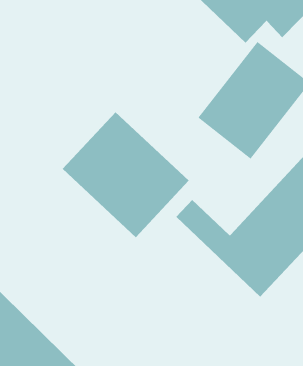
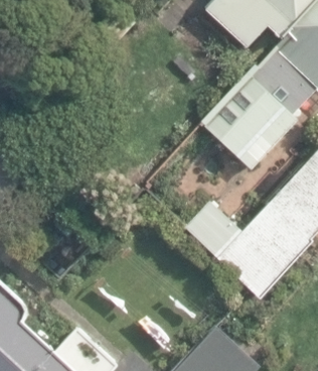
building: [62,111,189,238] -> none

